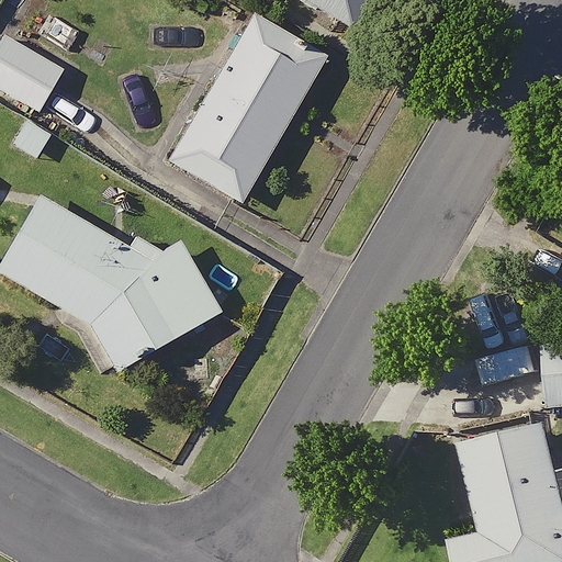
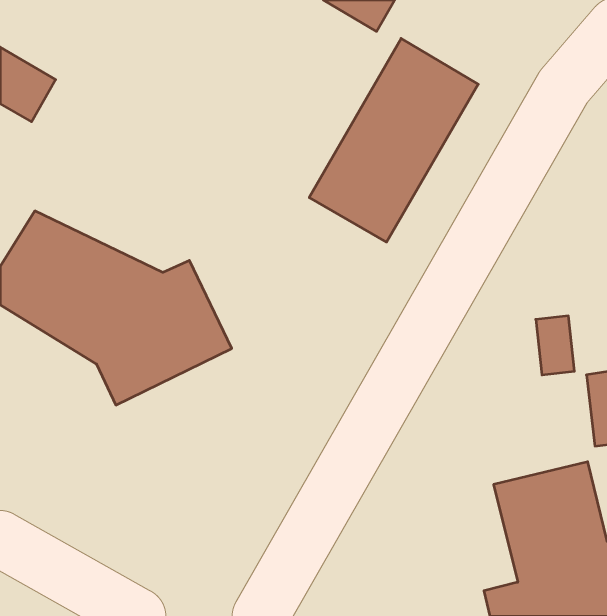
building: [169,18,323,203] -> [309,38,478,242]

